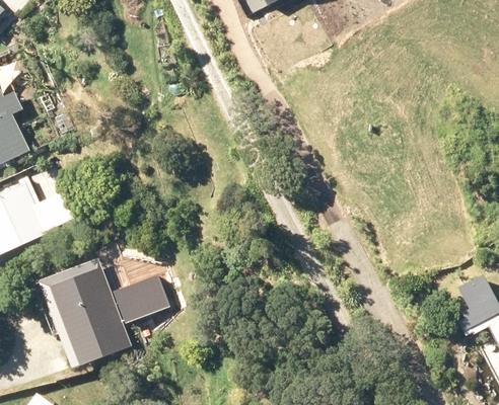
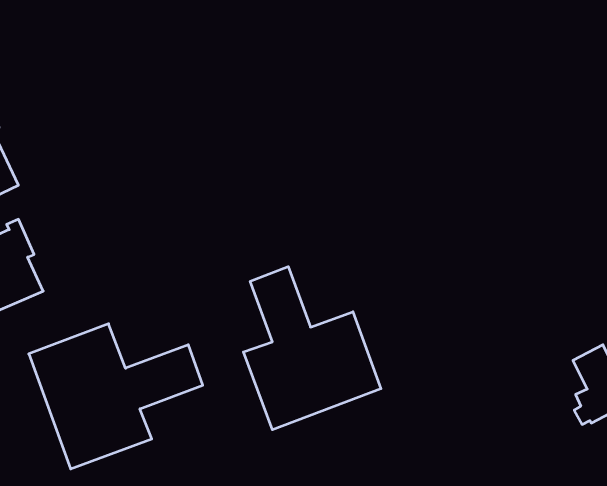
building: none -> [243,267,381,430]

